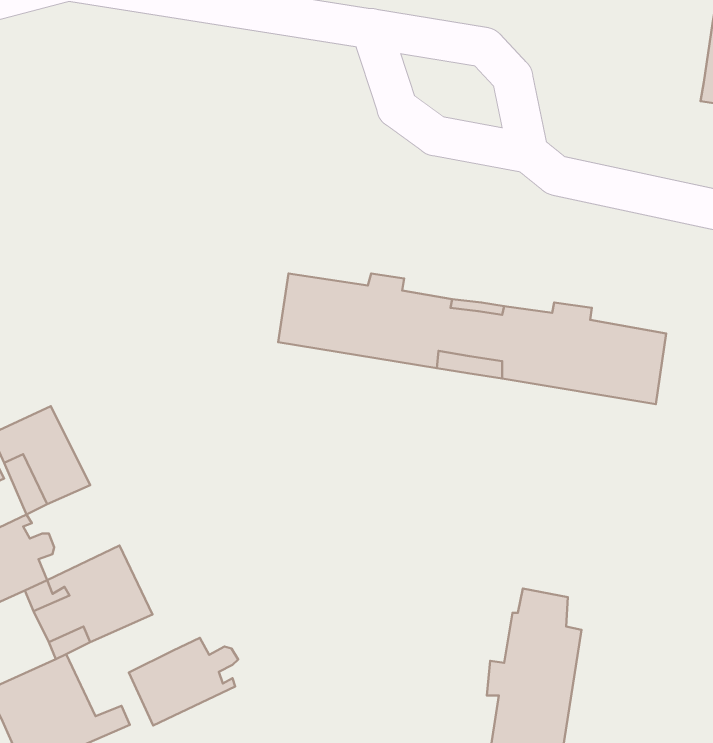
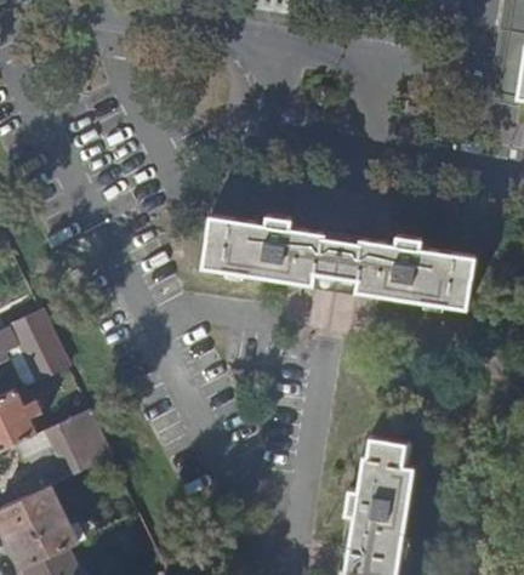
building: [129,638,238,726] -> none

